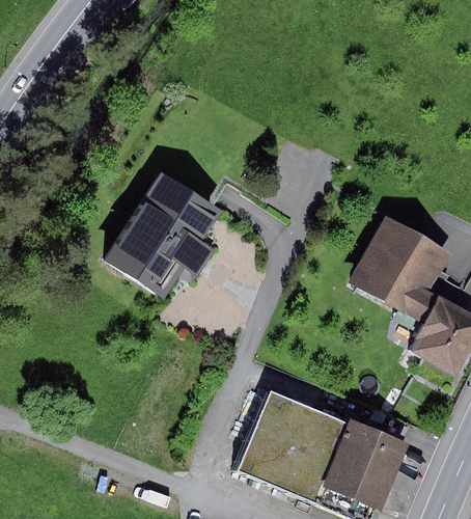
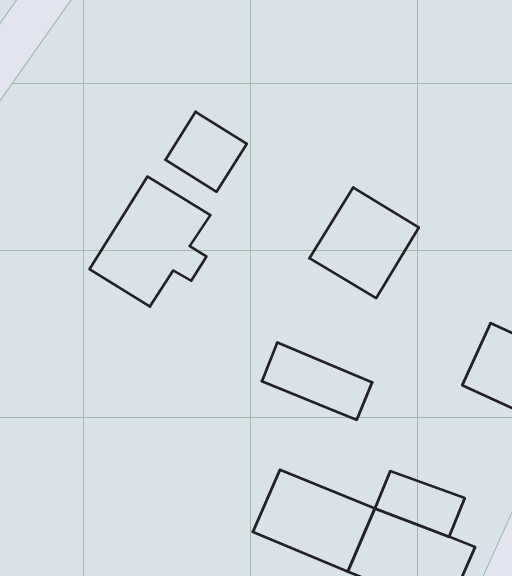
building: none -> [165,112,247,192]
building: [352,220,440,309] -> [309,187,419,298]
building: [262,388,352,450] -> [262,343,372,420]

